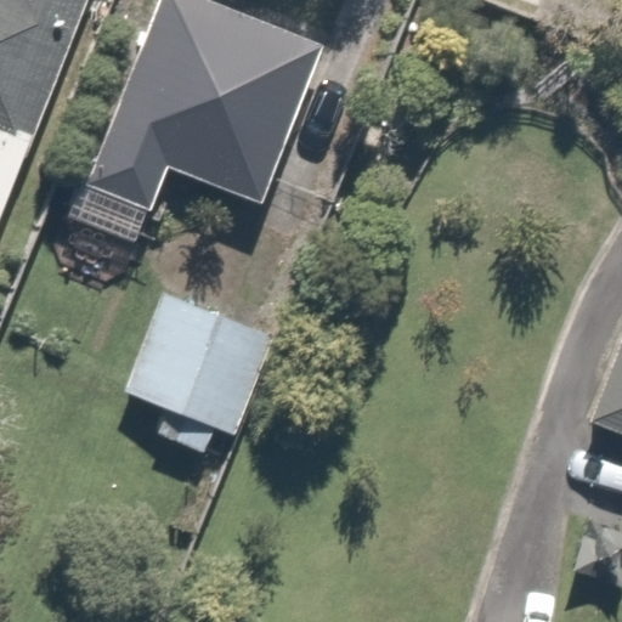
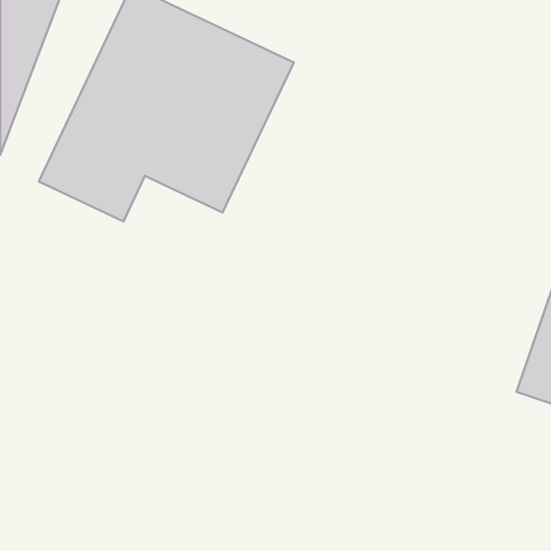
building: [106,293,278,452] -> none

